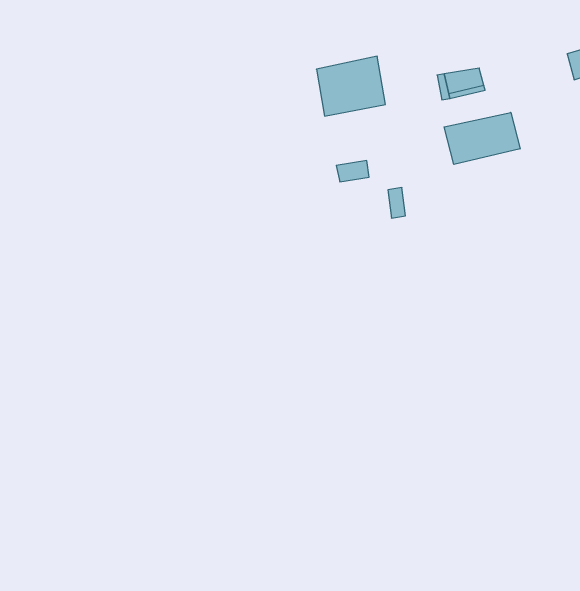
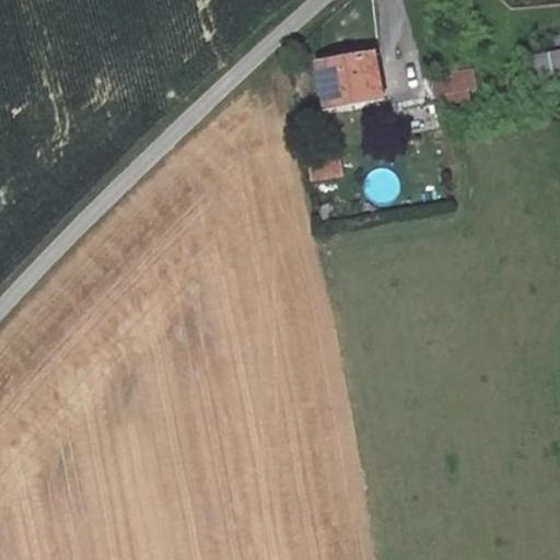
building: [444,112,520,164] -> none

